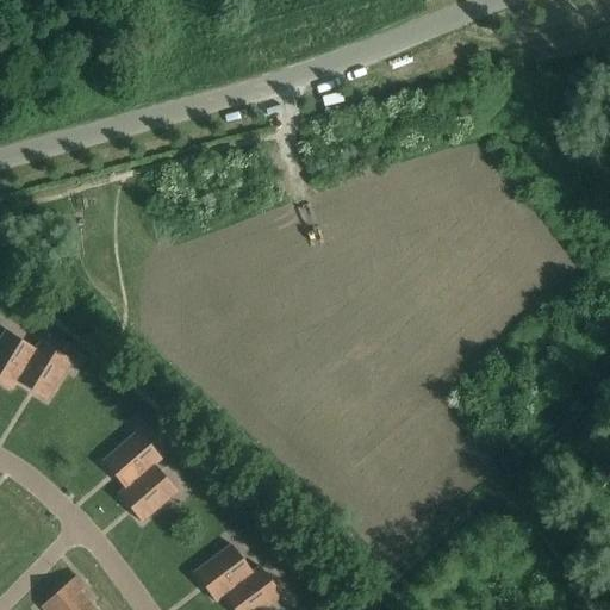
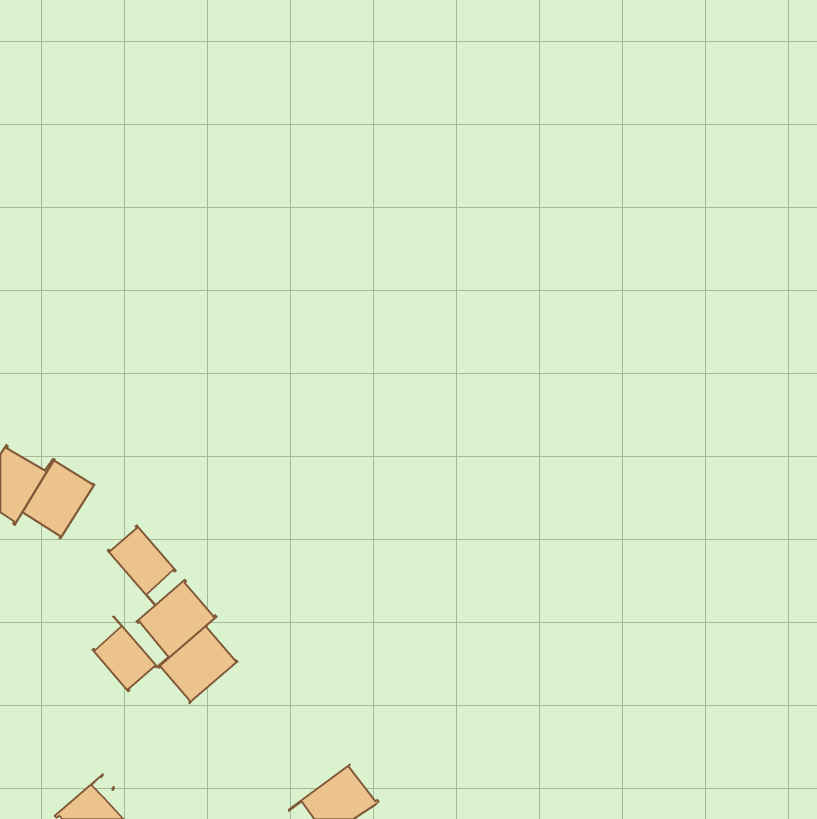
building: none -> [108,525,176,605]
building: none -> [92,617,157,691]
building: [195,544,262,600] -> none

